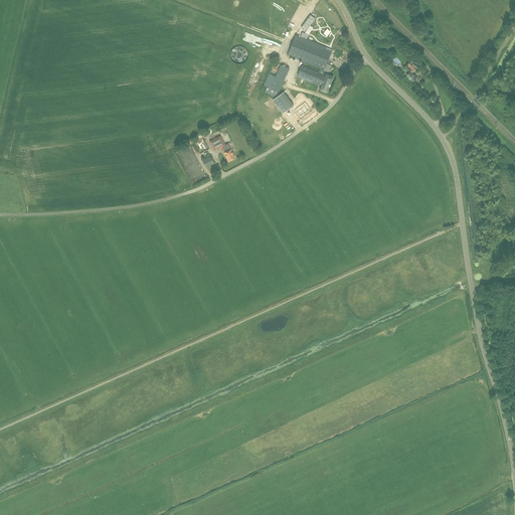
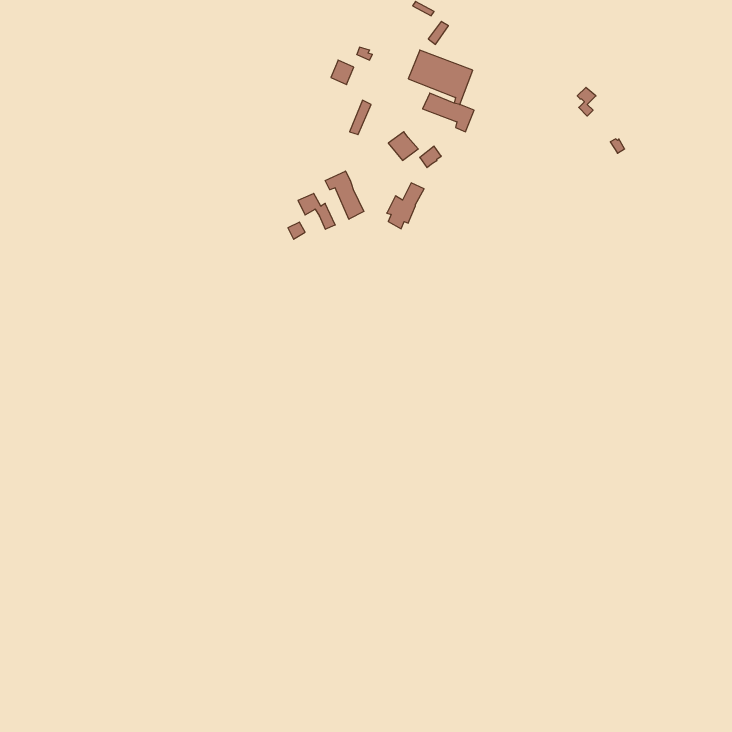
building: [264,64,290,97] -> [387,183,424,229]
building: none -> [325,171,364,219]

